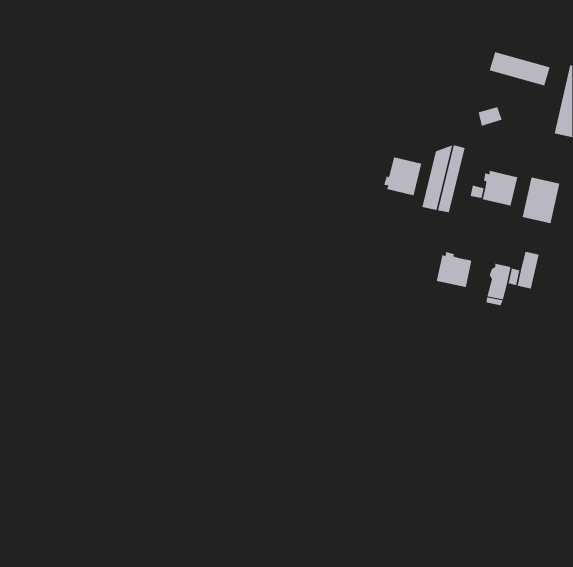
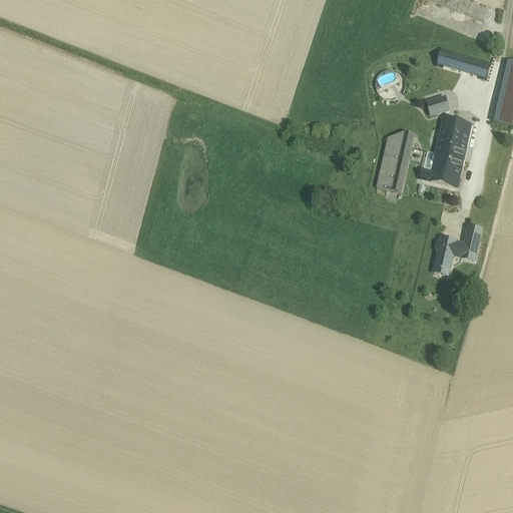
building: [383,157,422,196] -> none
building: [522,177,560,224] -> [437,116,471,158]
building: [436,251,472,288] -> none

